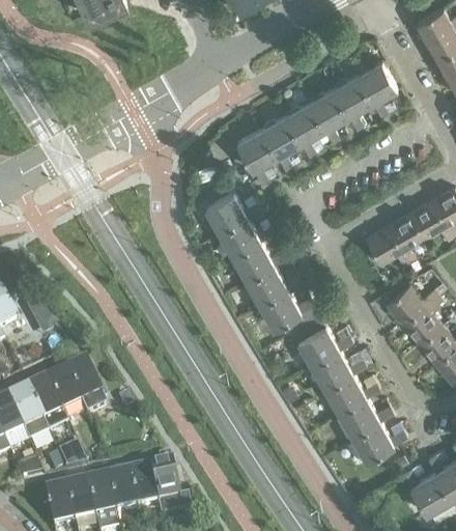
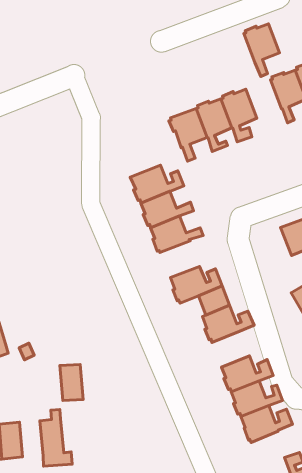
building: [308,88,347,143] -> [244,24,280,77]
building: [245,264,298,305] -> none
building: [311,350,365,389] -> none
building: [126,471,155,510] -> [60,365,83,401]

